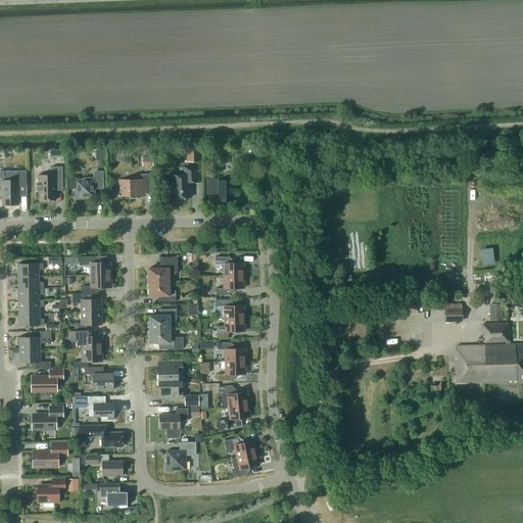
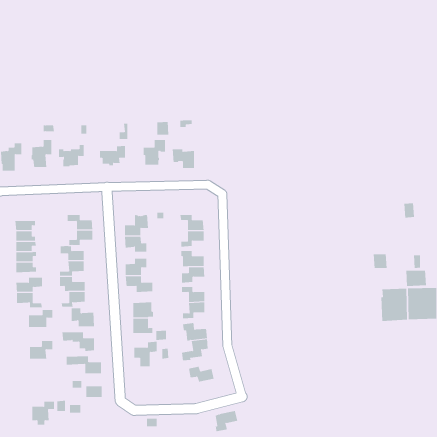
building: [36,442,67,467] -> none
building: [165,442,196,471] -> none
building: [232,453,259,478] -> [215,411,238,432]
building: [100,483,128,508] -> none

